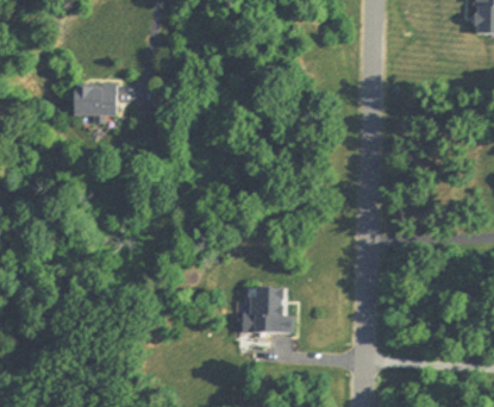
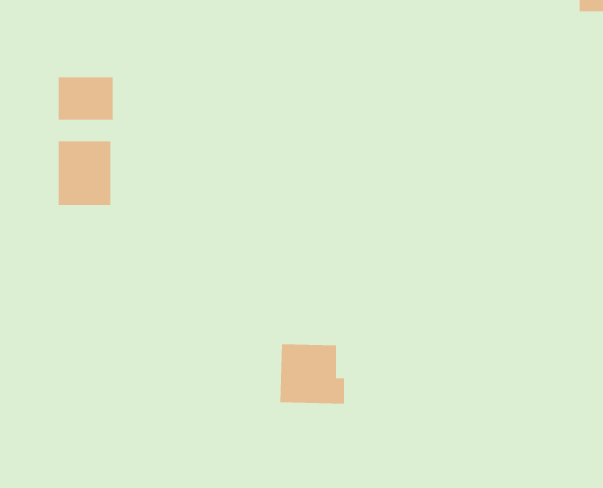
building: none -> [58,141,111,206]

